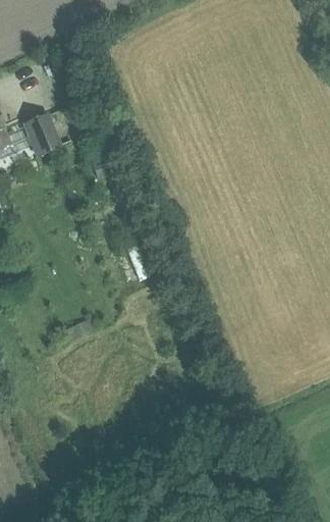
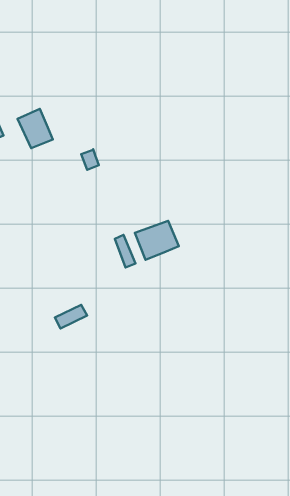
building: none -> [135,221,179,260]

